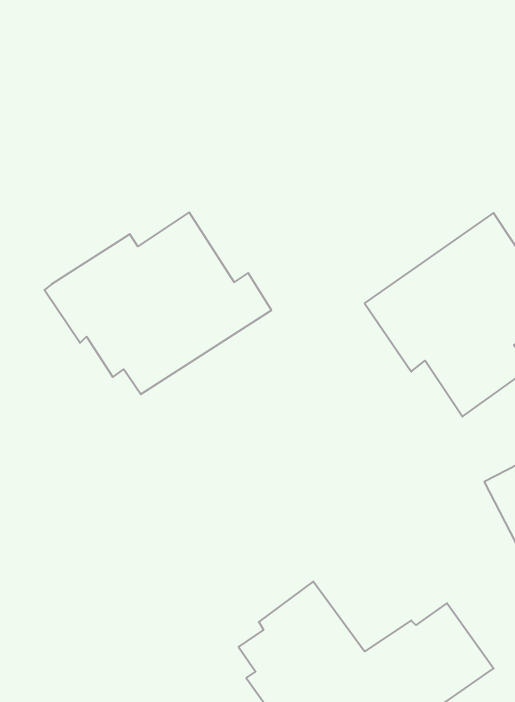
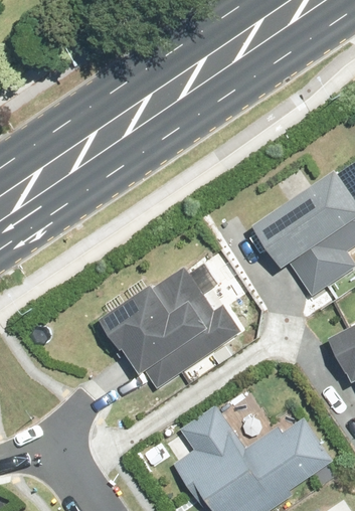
building: [44,212,271,394] -> [94,269,240,386]

